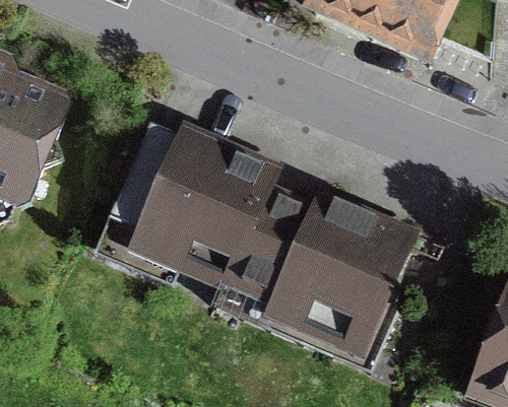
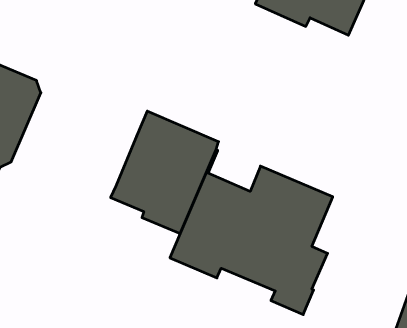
building: [97,116,189,277] -> none

